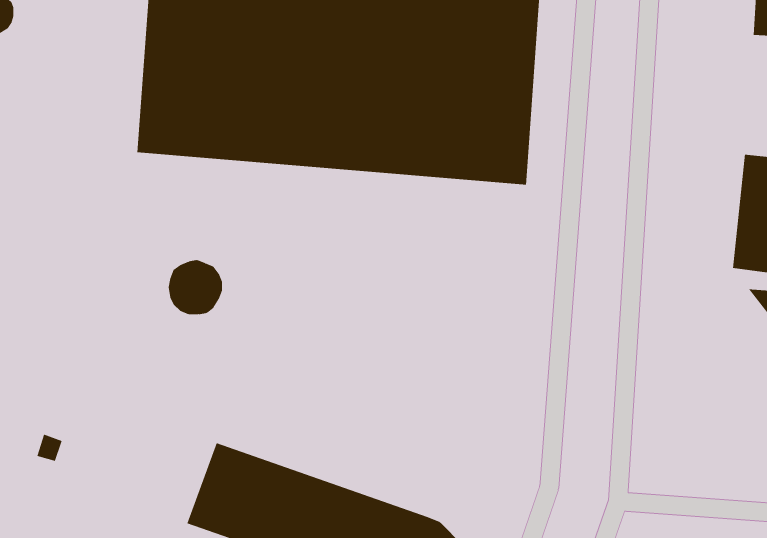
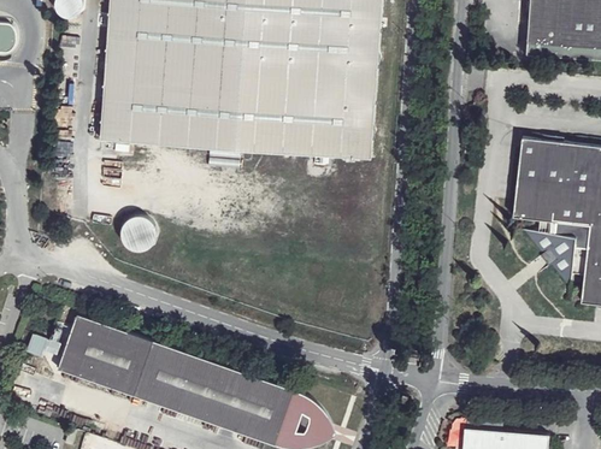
building: none -> [57,312,153,395]

